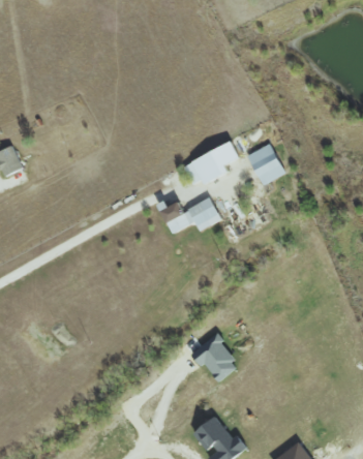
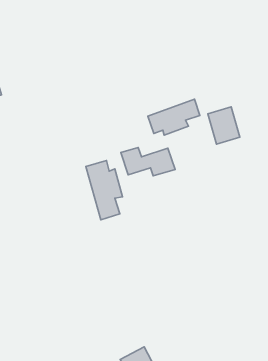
building: none -> [86,161,123,220]
building: [193,335,240,382] -> none

